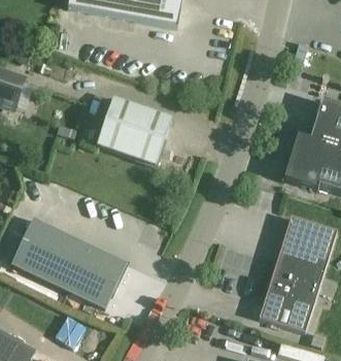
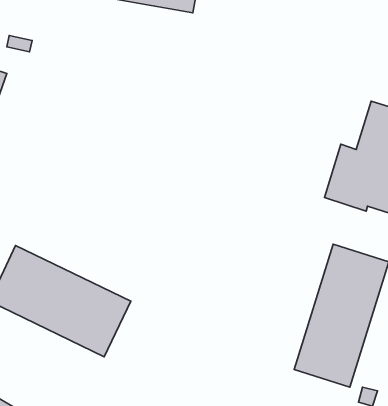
building: [96,96,171,164] -> none

